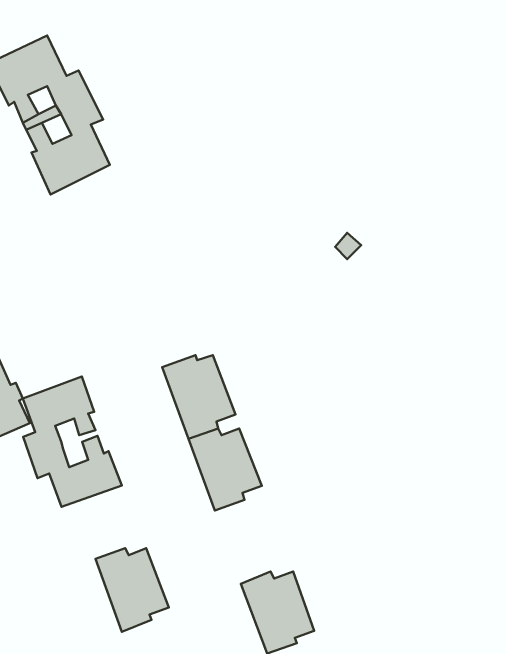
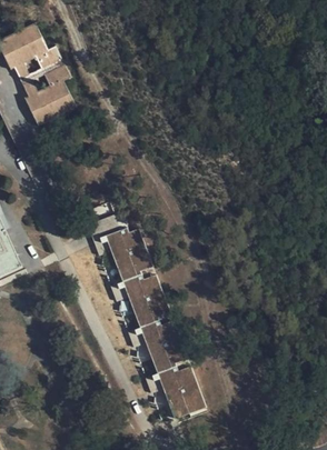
building: [23,377,122,507] -> none
building: [96,548,169,632] -> [140,319,187,372]

